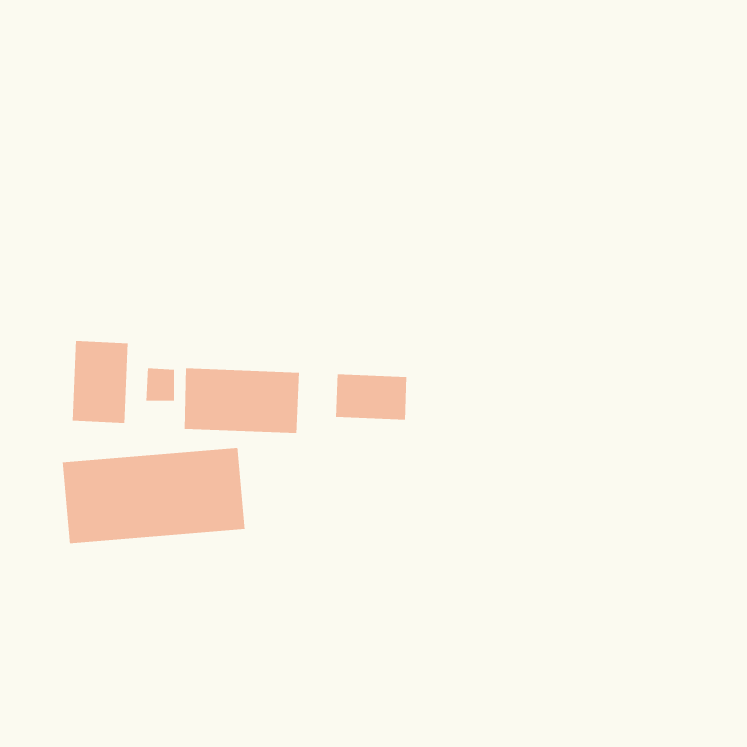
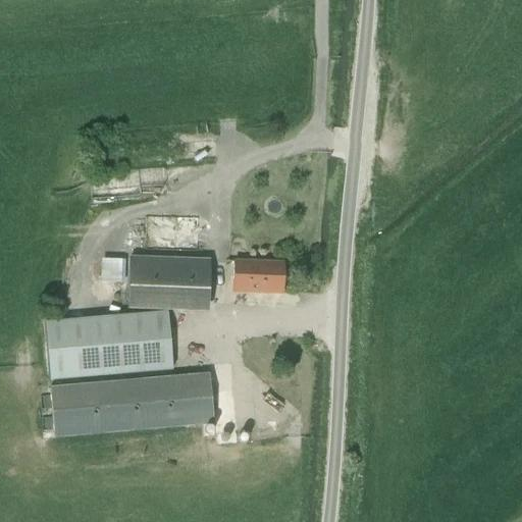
building: [72,340,129,424] -> none
building: none -> [50,372,213,435]

